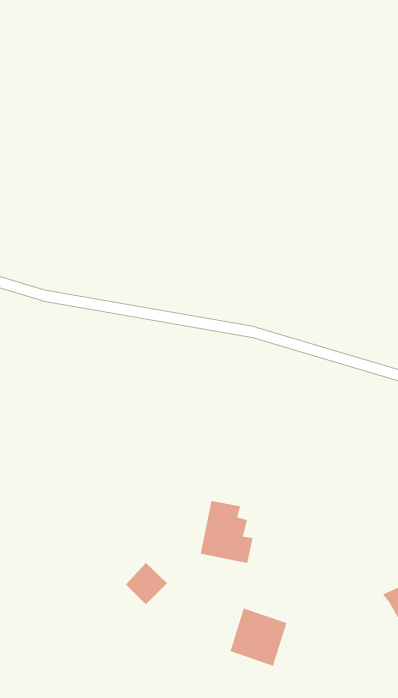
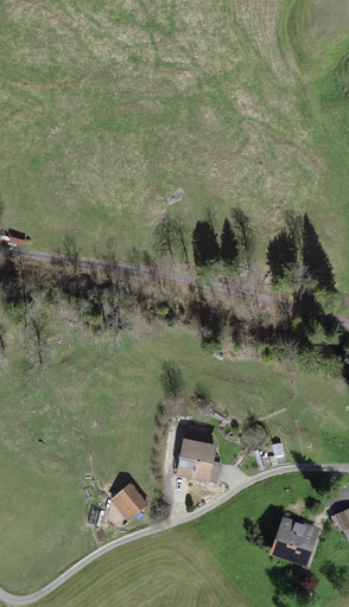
building: [229,607,287,667] -> [271,516,321,567]

